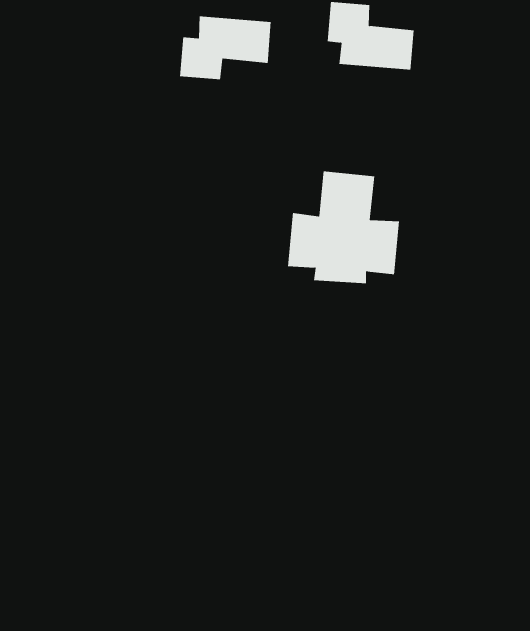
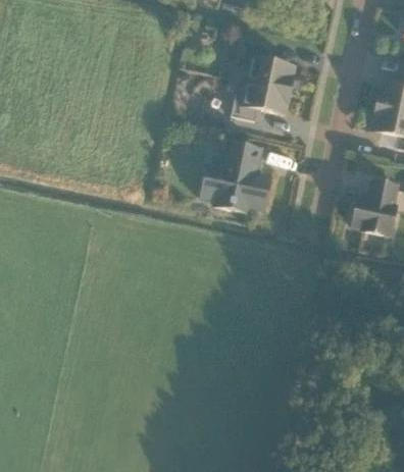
building: [179,16,272,80] -> [232,80,291,119]

